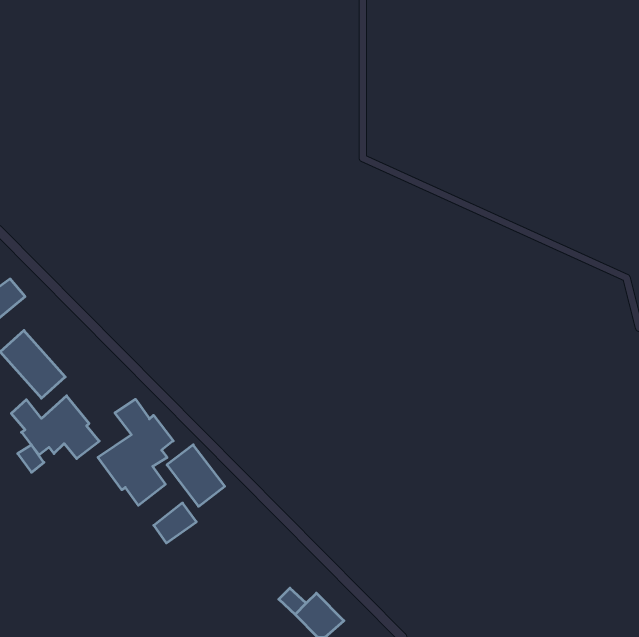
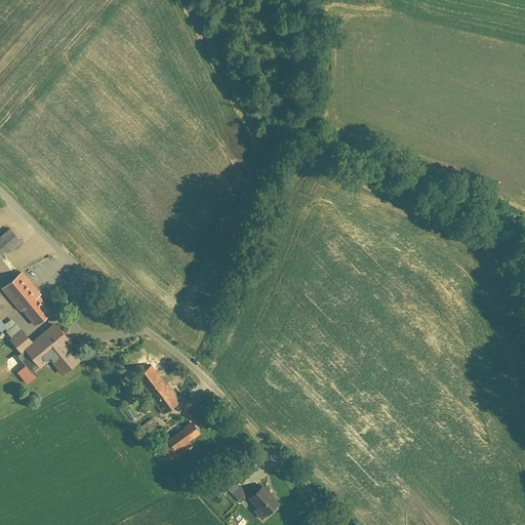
building: [98,399,173,505] -> none
building: [154,503,196,543] -> [166,421,201,454]

